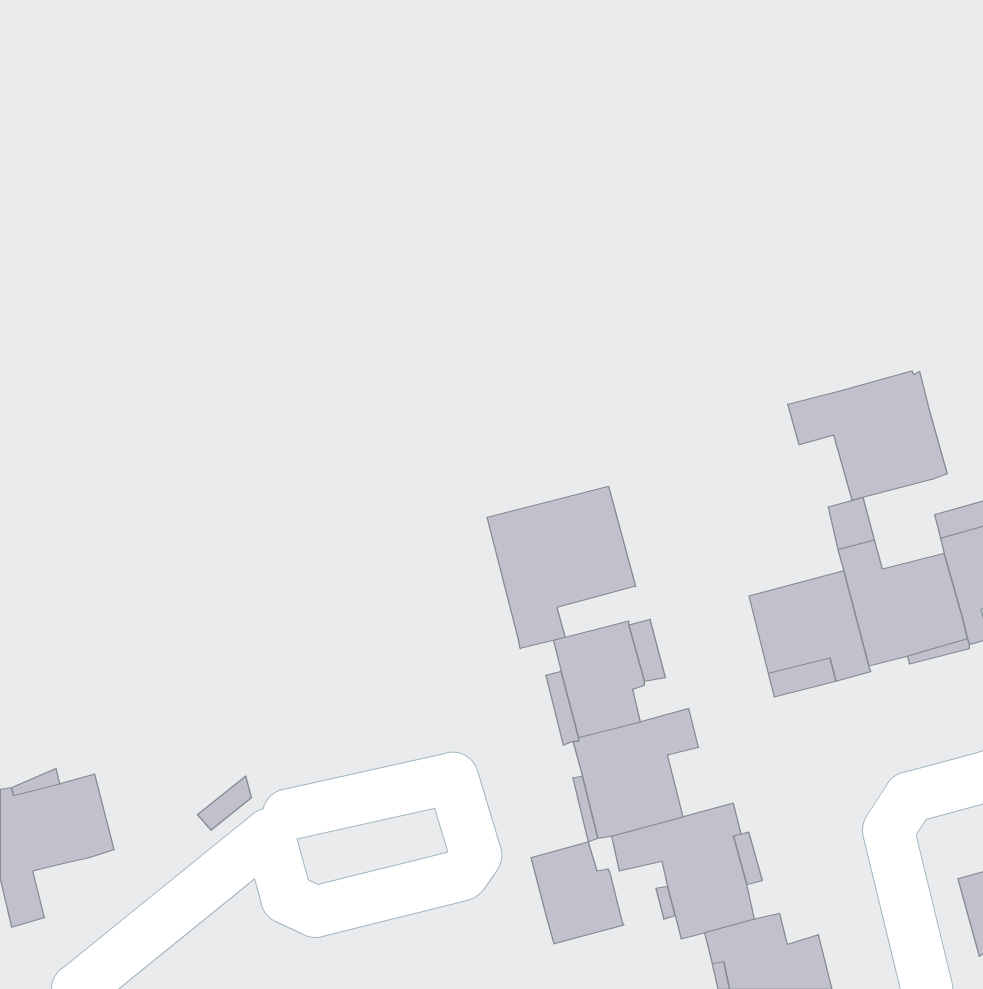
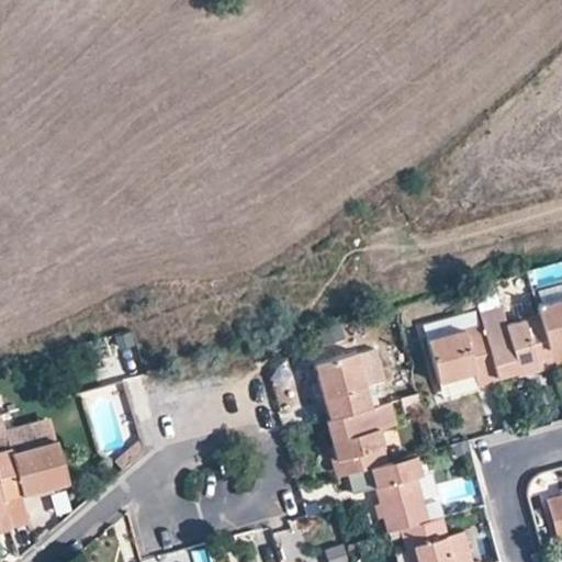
building: [788,371,947,500] -> none
building: [487,486,636,649] -> none
building: [531,842,624,944] -> none

